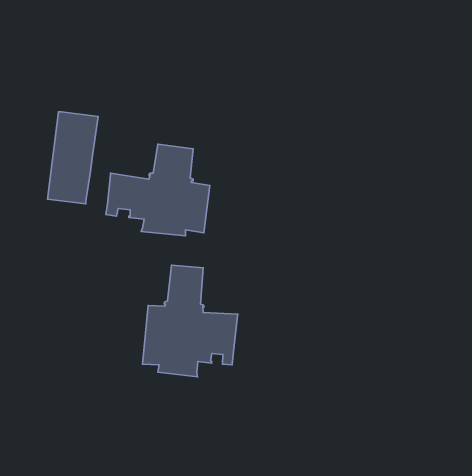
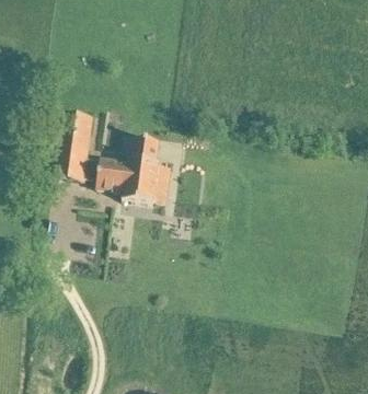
building: [143,265,238,377] -> none

